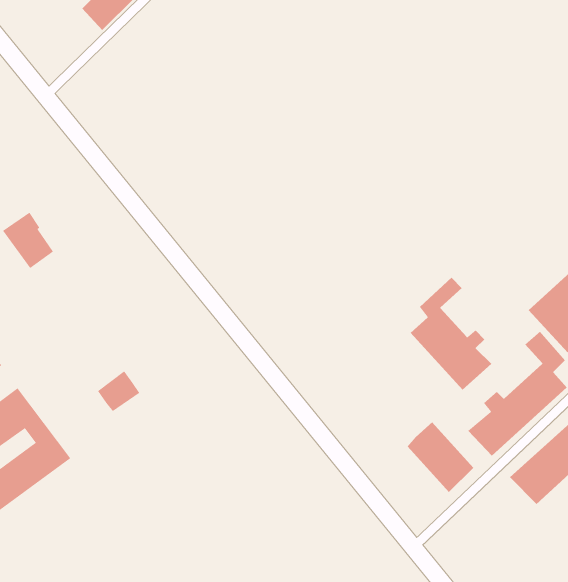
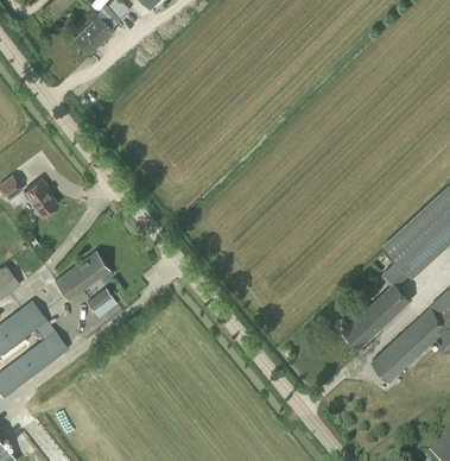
building: [410,277,492,391] -> none
building: none -> [53,250,109,299]
building: [407,422,474,493] -> none

